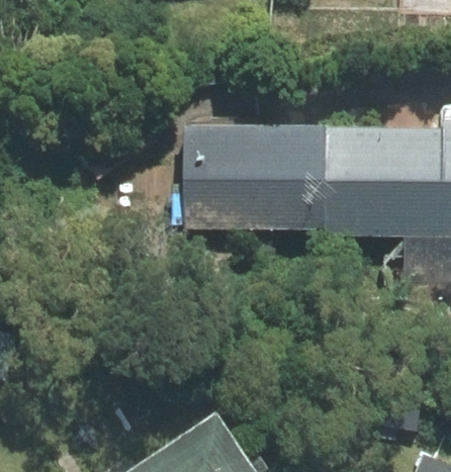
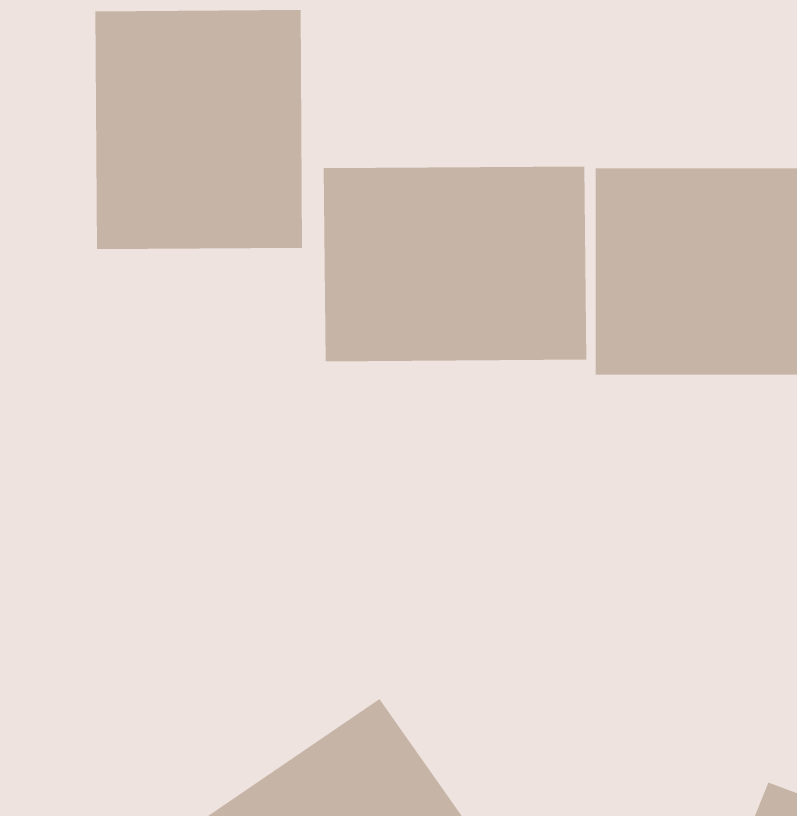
building: none -> [95,9,303,250]

